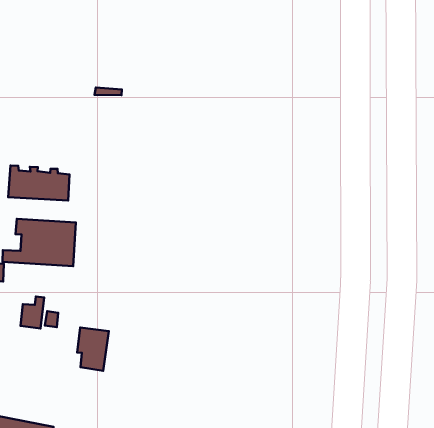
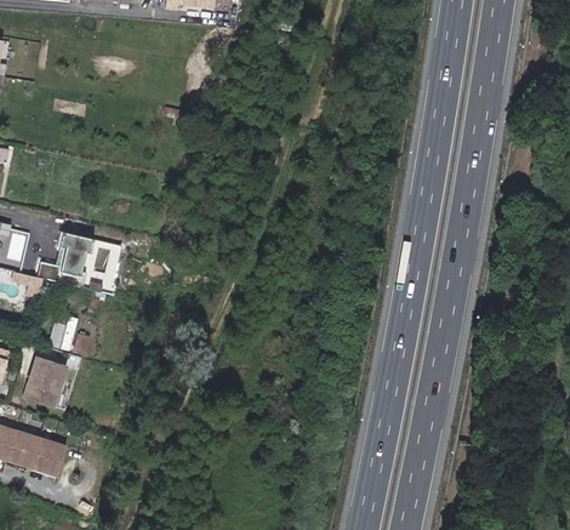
building: [8,165,70,201] -> none
building: [77,328,109,371] -> [30,355,67,404]

